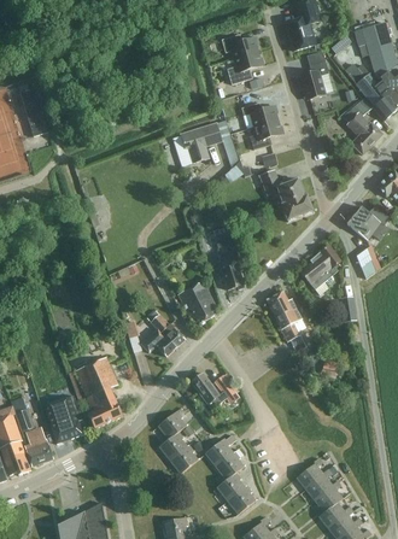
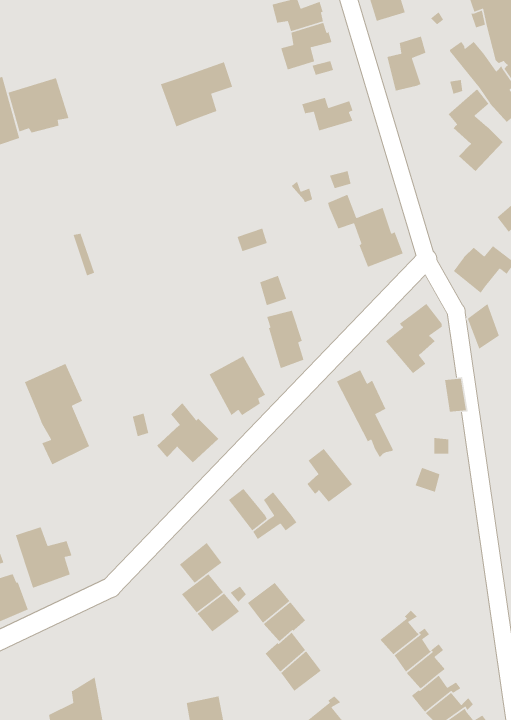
building: none -> [7,77,69,134]
building: [250,119,283,150] -> none
building: [171,122,222,168] -> [160,61,233,127]
building: none -> [306,448,353,503]
building: [76,357,122,428] -> [24,363,90,466]

